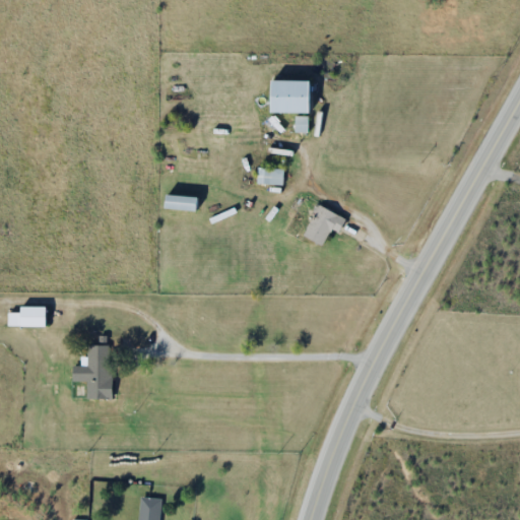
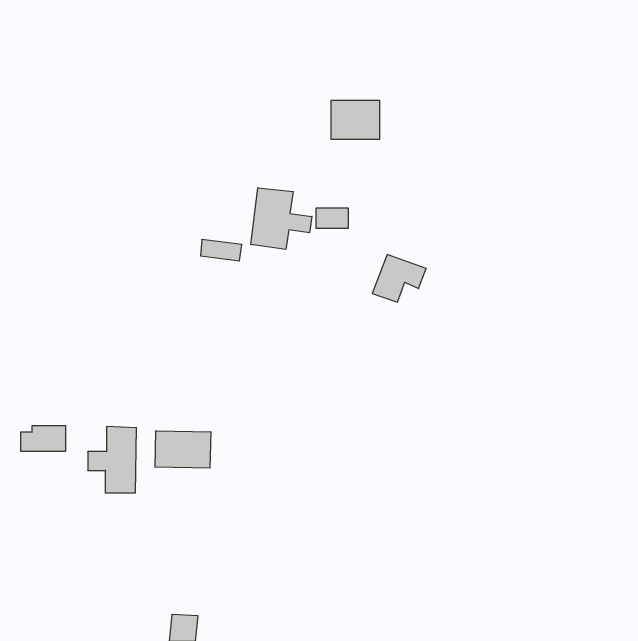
building: none -> [251,188,312,249]
building: [9,307,46,327] -> [21,426,66,451]
building: none -> [155,431,211,468]

